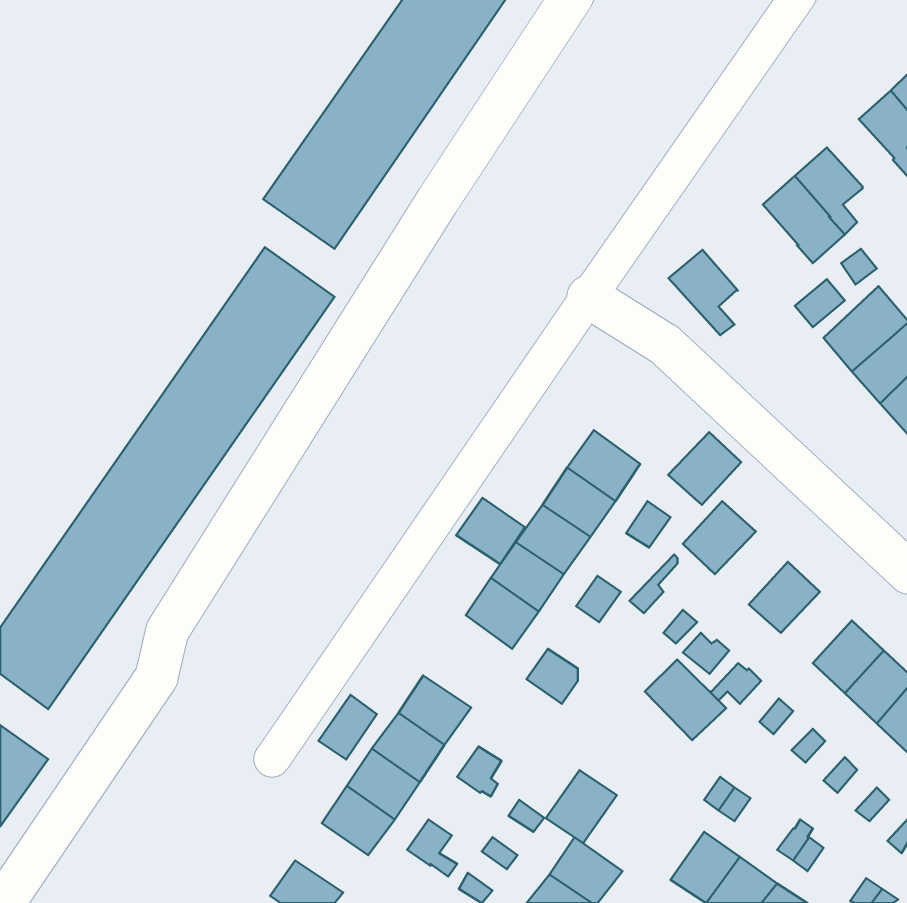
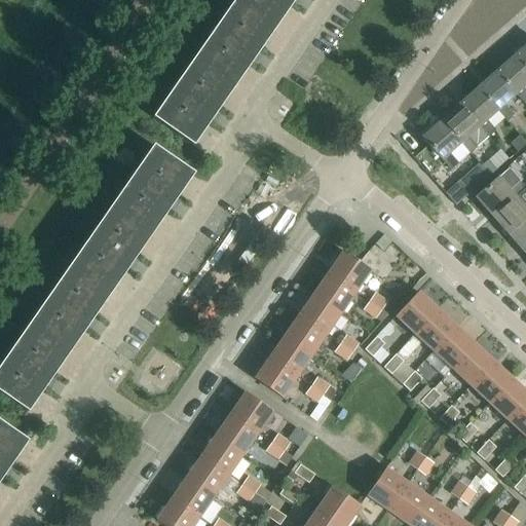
building: none -> [479,69,518,119]
building: [669,250,738,335] -> [422,118,462,167]
building: [668,432,741,505] -> [414,307,456,349]
building: [456,498,525,564] -> none
building: none -> [452,342,493,383]
building: none -> [255,355,297,396]
building: [645,659,726,740] -> none
building: [318,695,377,759] -> none
building: [546,770,617,843] -> [367,466,408,509]
building: none -> [172,476,214,516]

